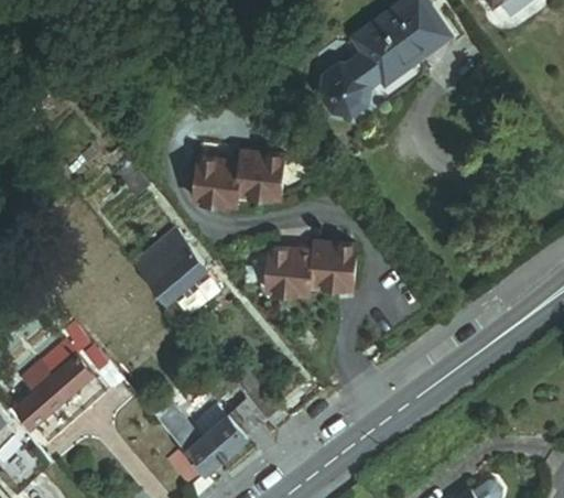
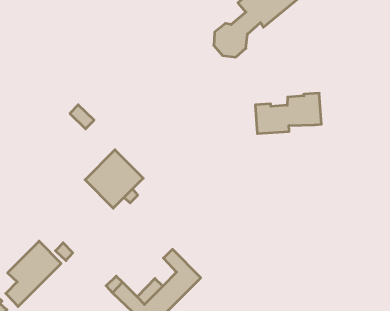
building: [194,155,281,204] -> none
building: [268,246,355,294] -> [255,93,321,134]

